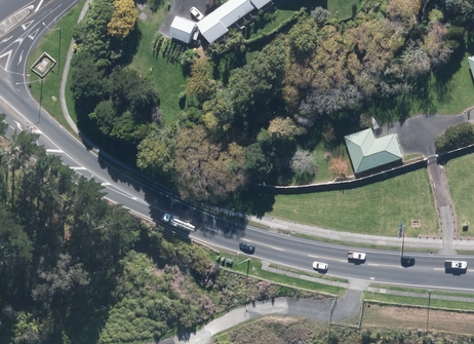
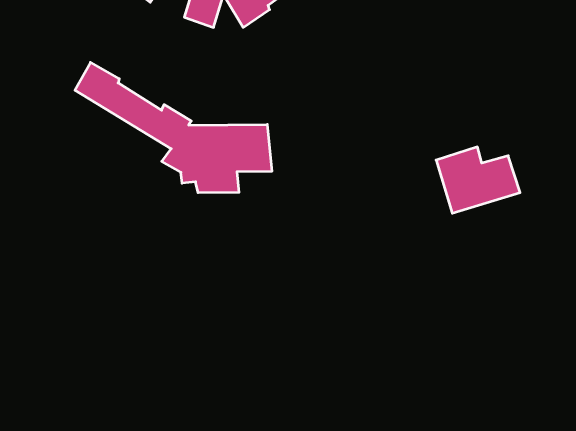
building: none -> [75,62,272,193]

